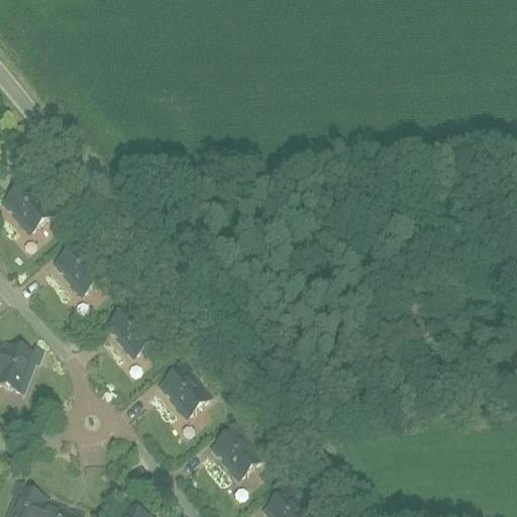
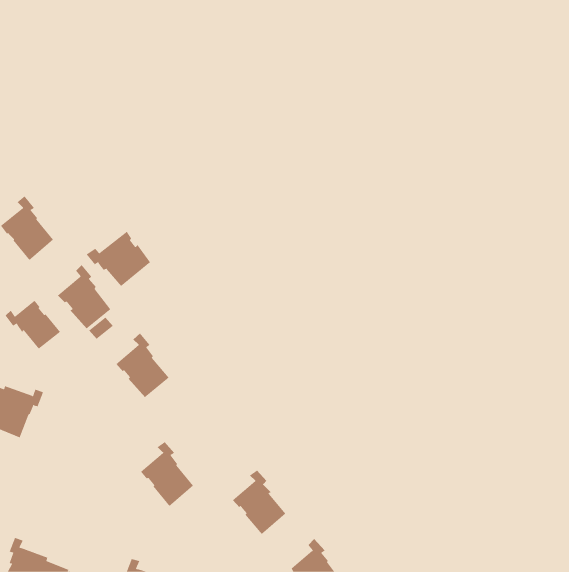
building: none -> [86,231,151,287]
building: none -> [5,300,61,350]
building: [158,360,206,419] -> [140,442,194,507]

